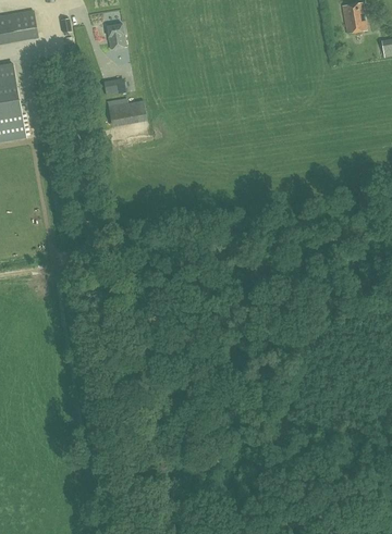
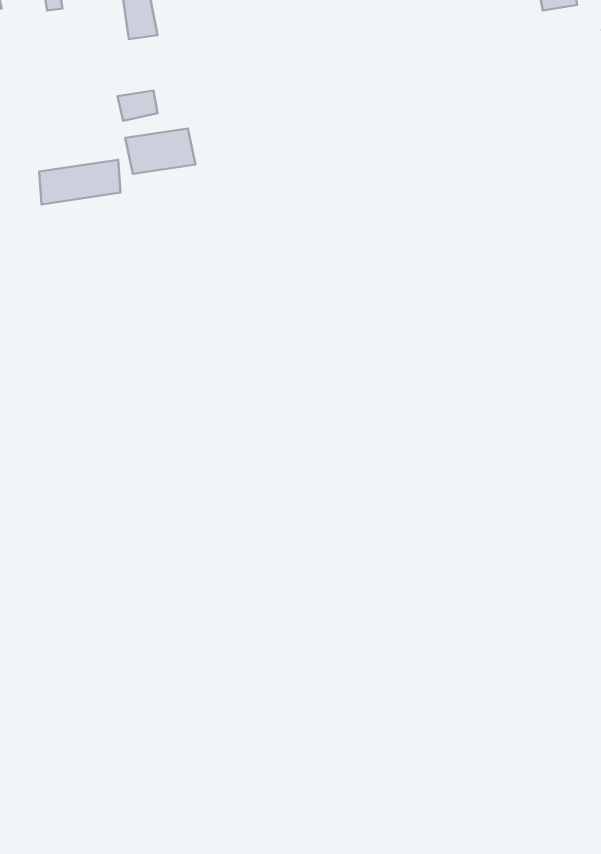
building: none -> [39,160,120,205]

